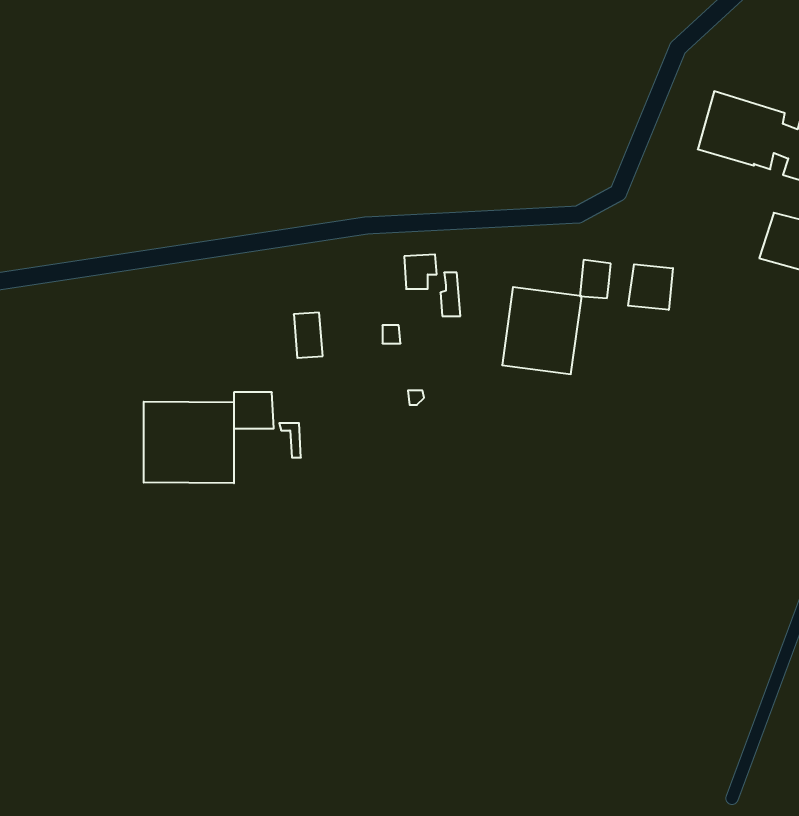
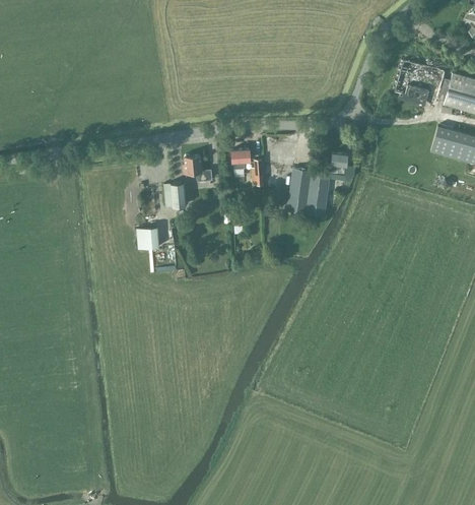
building: none -> [184,155,212,182]
building: [628,264,673,310] -> none
building: [144,402,234,483] -> none

